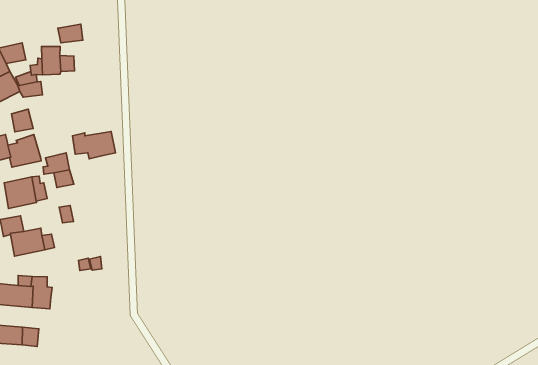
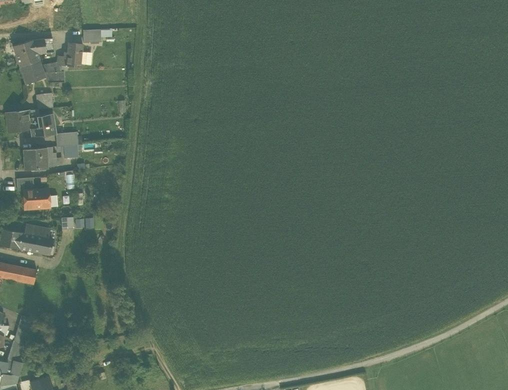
building: [72,132,116,159] -> none

